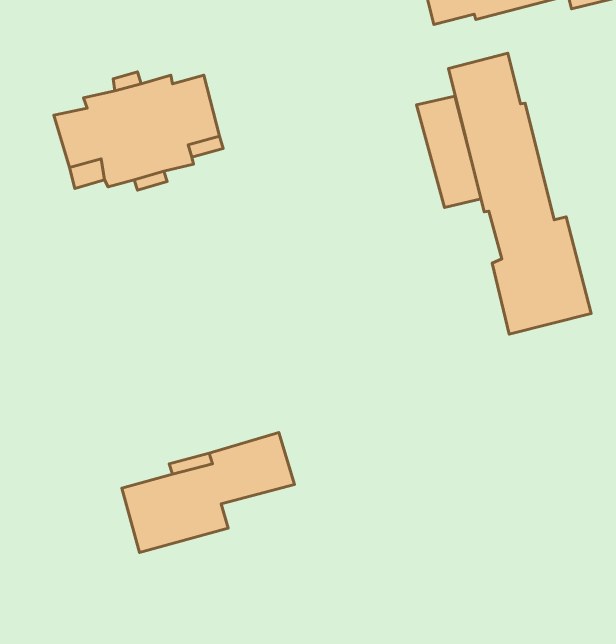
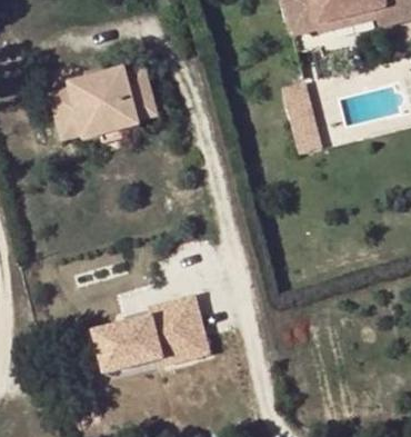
building: [448,53,591,334] -> none
building: none -> [156,329,208,364]

